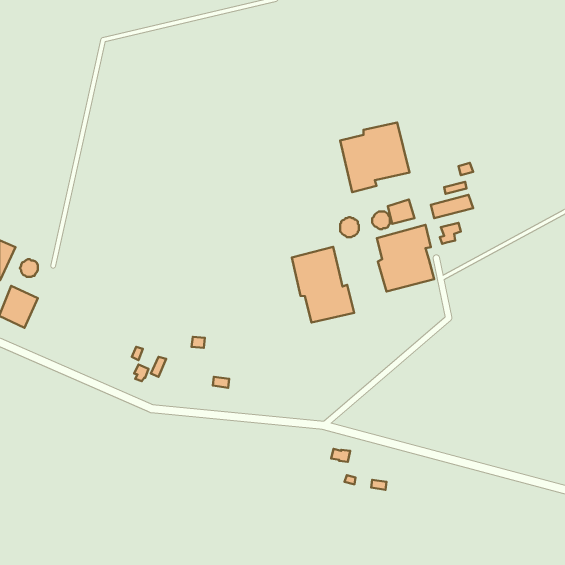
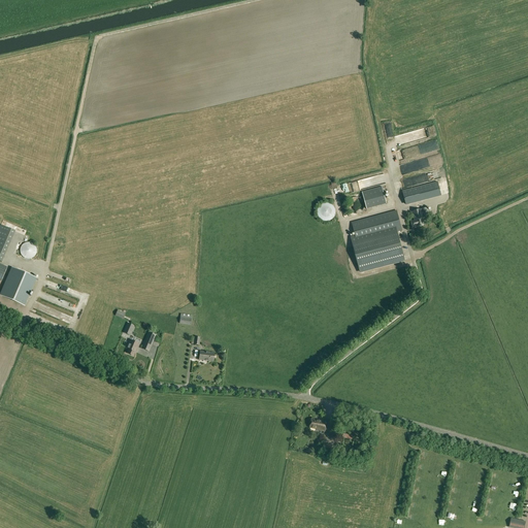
building: [340,123,409,192] -> none
building: [292,247,354,323] -> none

